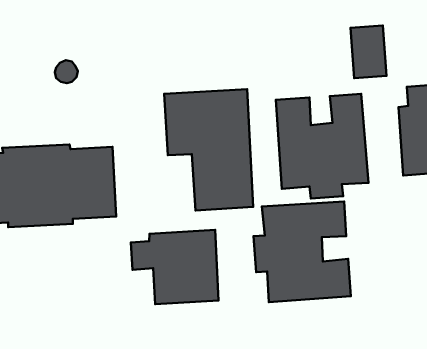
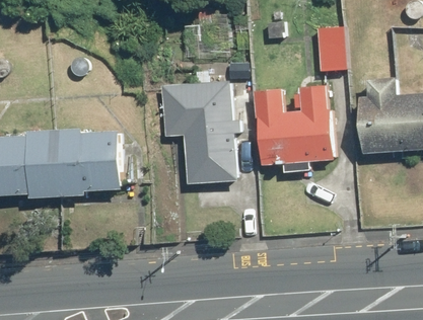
building: [254,201,351,302] -> none
building: [131,230,219,304] -> none

